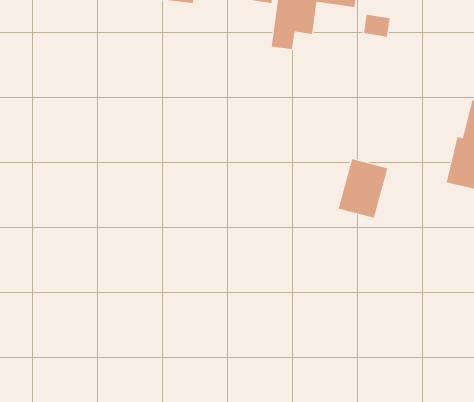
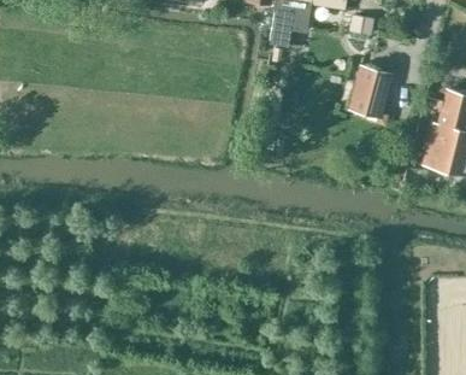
building: [338,159,388,218] -> [348,64,393,117]

